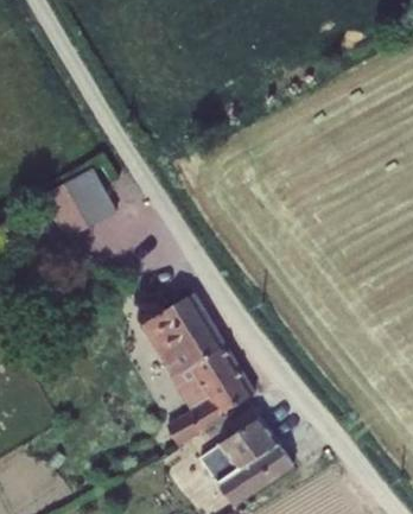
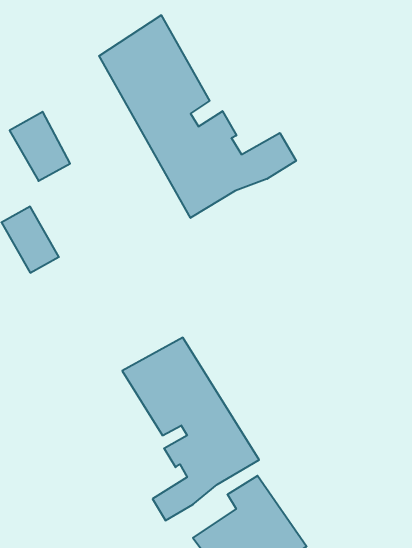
building: none -> [99,15,296,218]
building: [64,170,114,227] -> [10,112,70,181]

